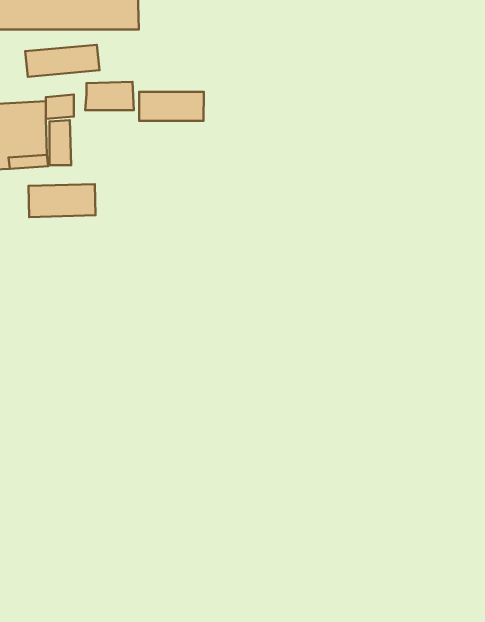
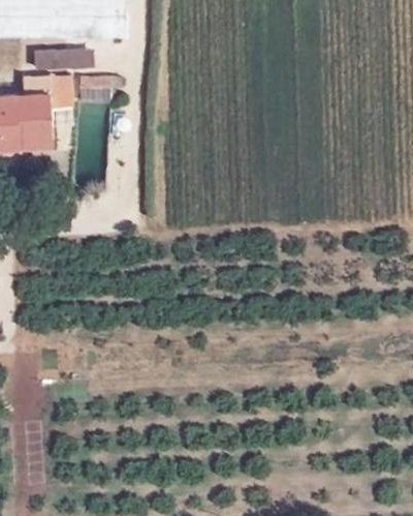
building: [139,92,204,121] -> none
building: [28,184,96,217] -> none

